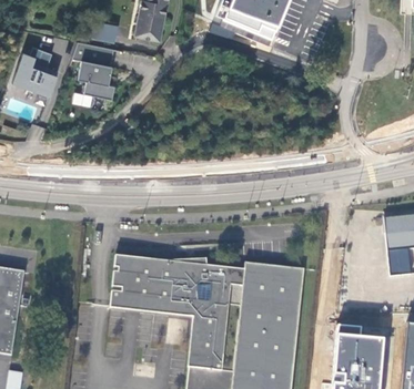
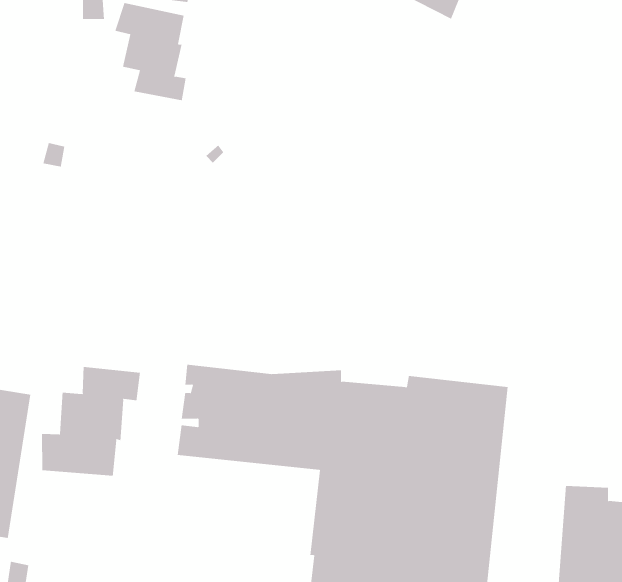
building: [13,47,58,96] -> none
building: none -> [41,366,141,476]

